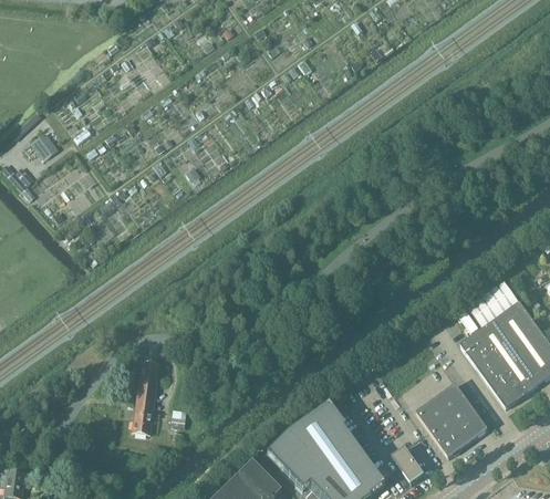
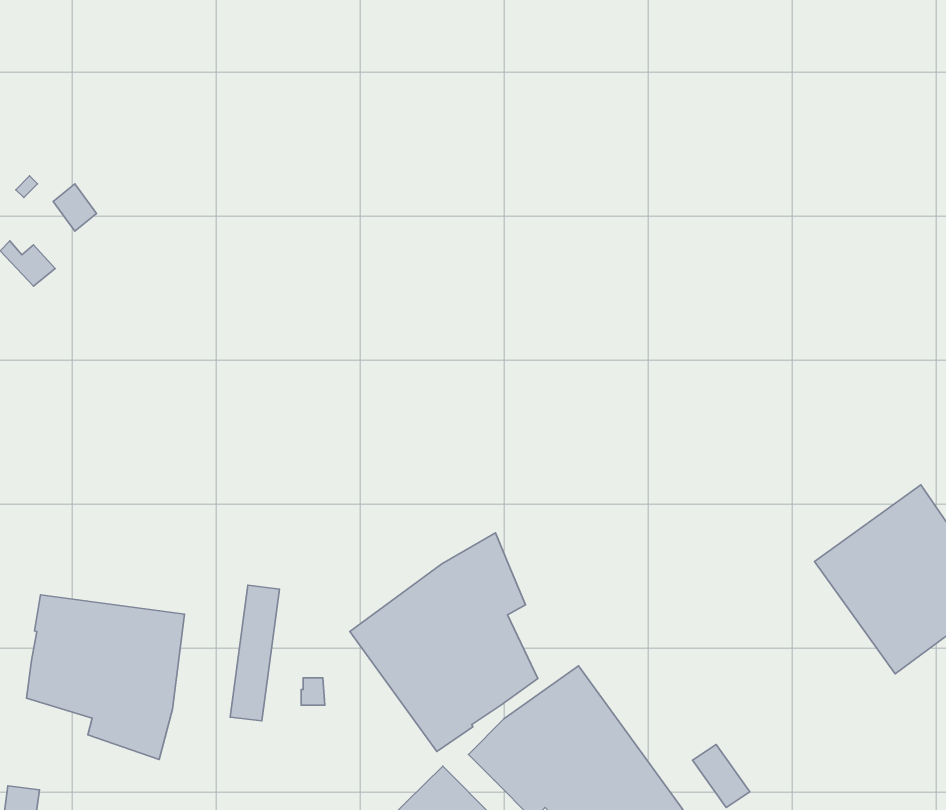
building: none -> [350,533,538,751]
building: none -> [26,595,185,760]
building: [416,383,488,457] -> none

